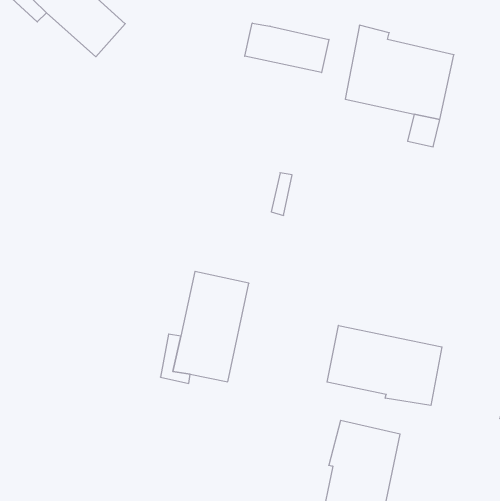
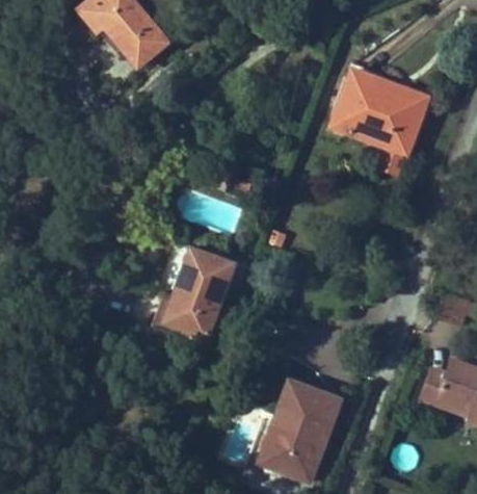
building: [245,23,329,73] -> none
building: [327,325,442,405] -> none

